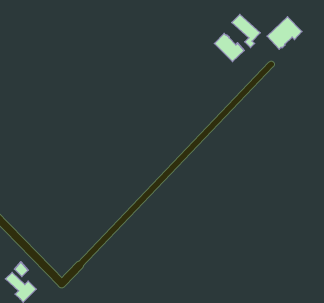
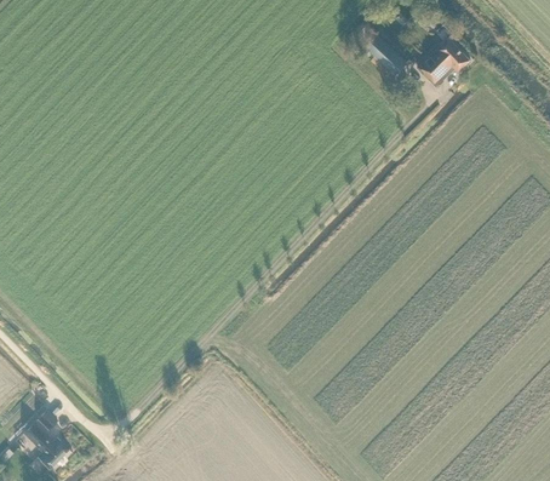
building: [214,33,244,62] -> none

